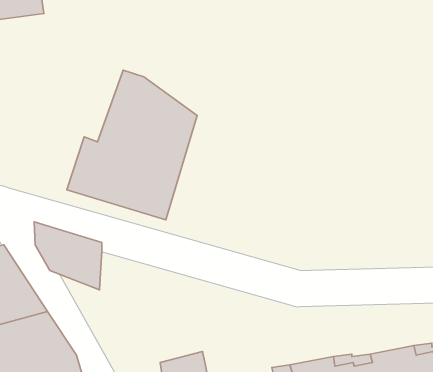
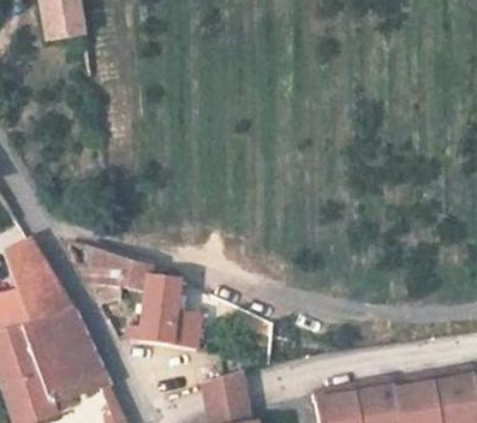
building: [67,70,197,220] -> none
building: none -> [136,269,197,350]

